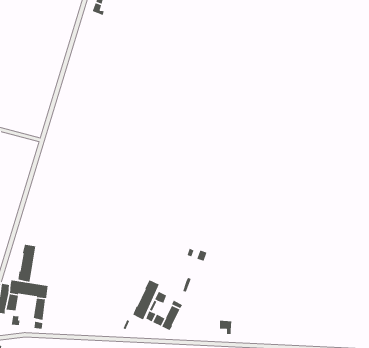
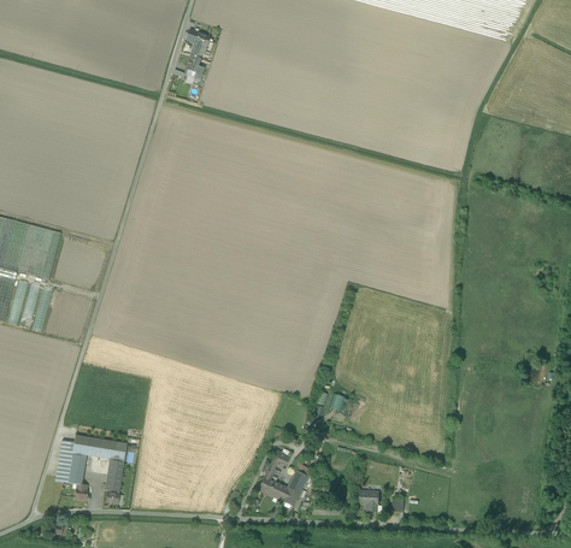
building: [18,244,36,282] -> none
building: [132,279,160,321] -> none

